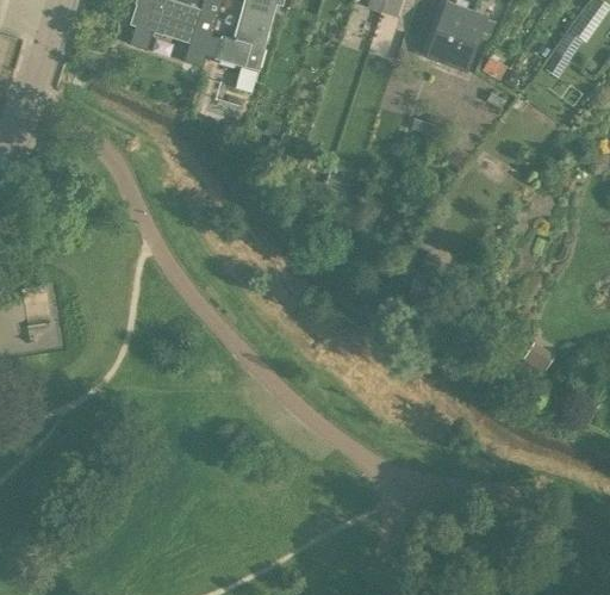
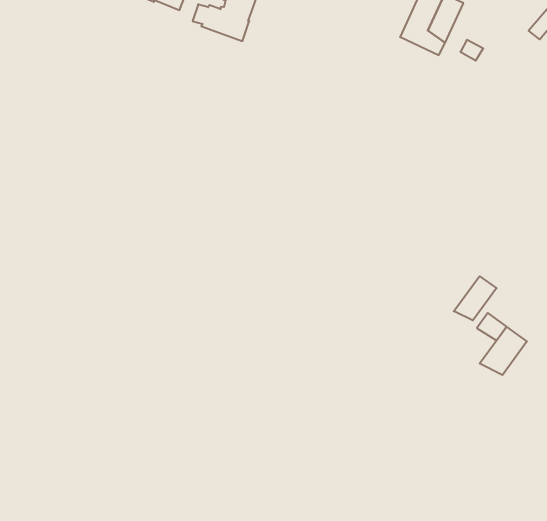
building: none -> [454,276,497,320]
building: none -> [480,327,527,375]

